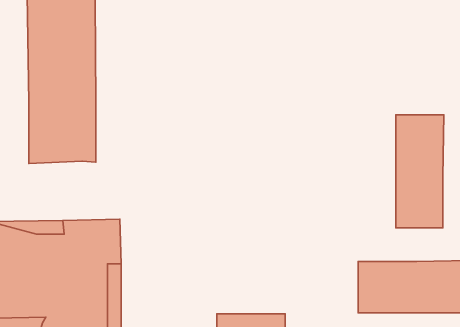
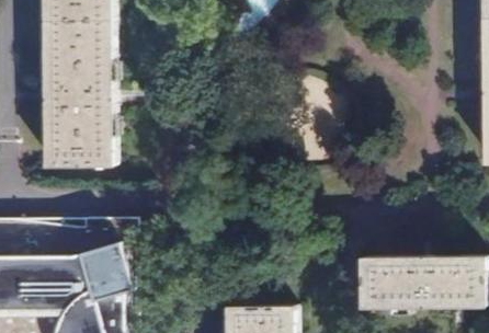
building: [396,115,444,228] -> none

